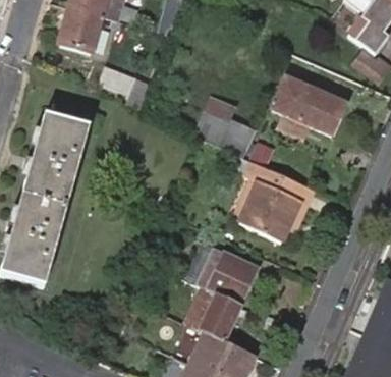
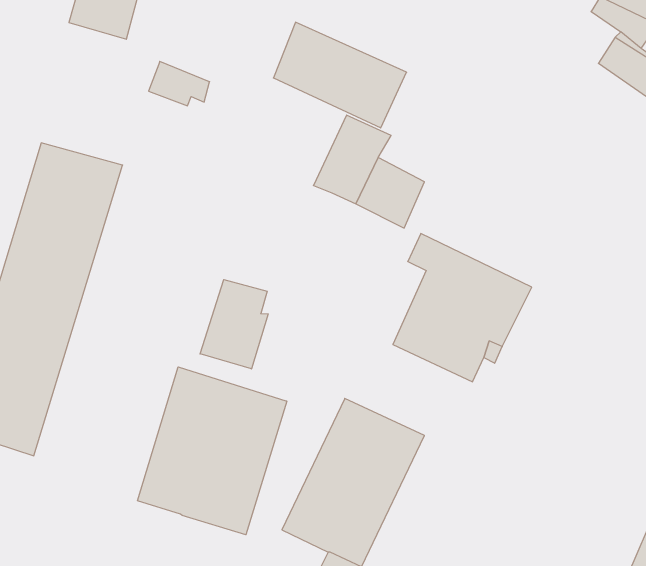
building: [276,75,349,133] -> [273,22,407,128]
building: none -> [200,280,268,369]
building: none -> [137,367,287,535]

